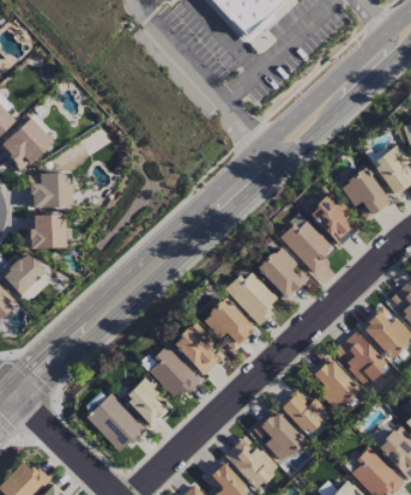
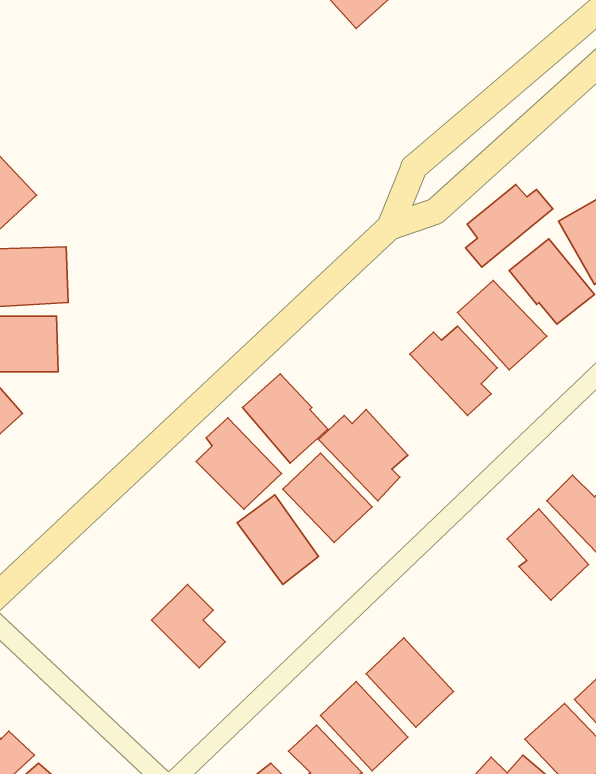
building: none -> [466,185,553,267]
building: [258,246,309,300] -> [242,374,328,463]
building: [149,345,200,400] -> [196,418,282,509]
building: [308,357,359,410] -> none
building: [279,390,331,436] -> none
building: [86,393,146,454] -> none

